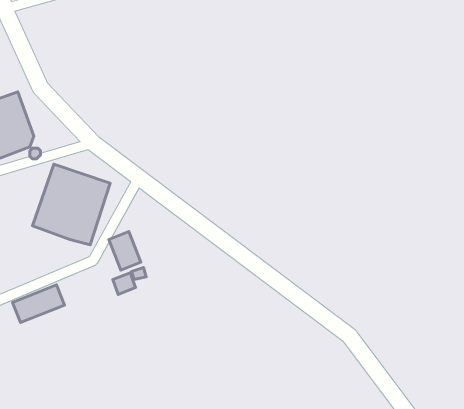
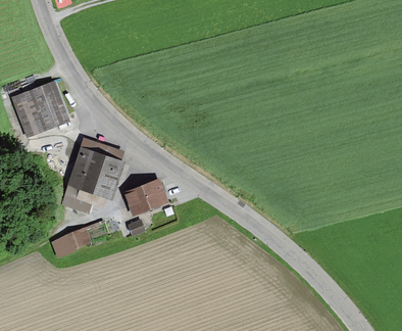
building: none -> [140,180,169,211]
building: none -> [60,184,95,214]

